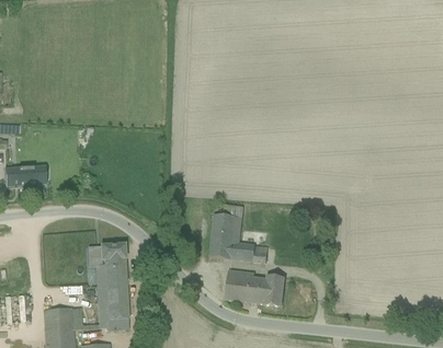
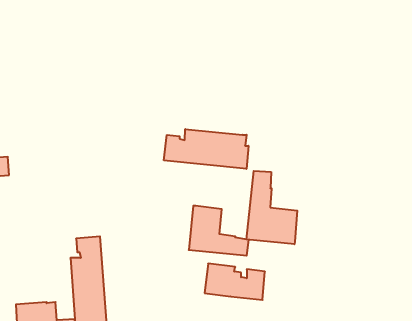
building: none -> [164,129,248,169]
building: none -> [246,171,297,244]

